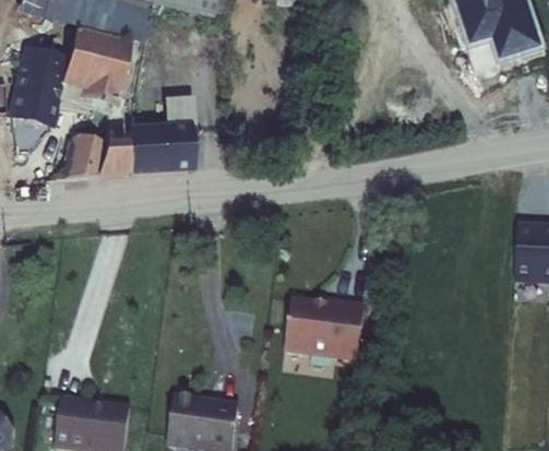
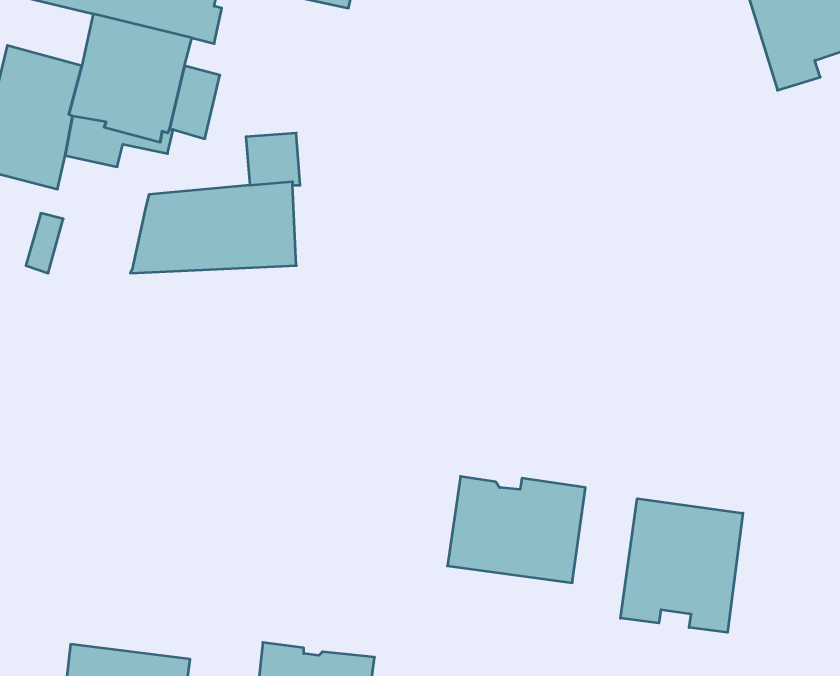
building: [64,133,105,178] -> none
building: none -> [620,499,743,632]

